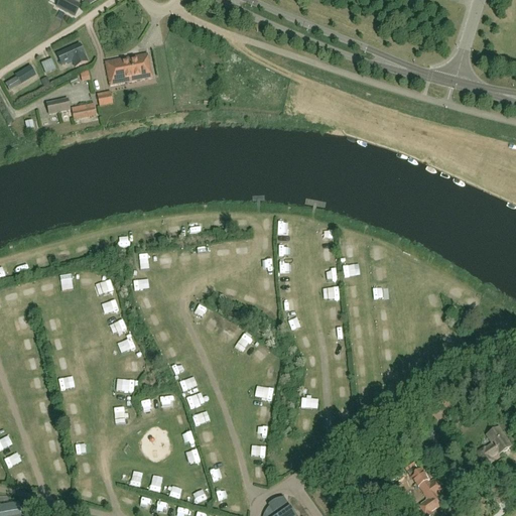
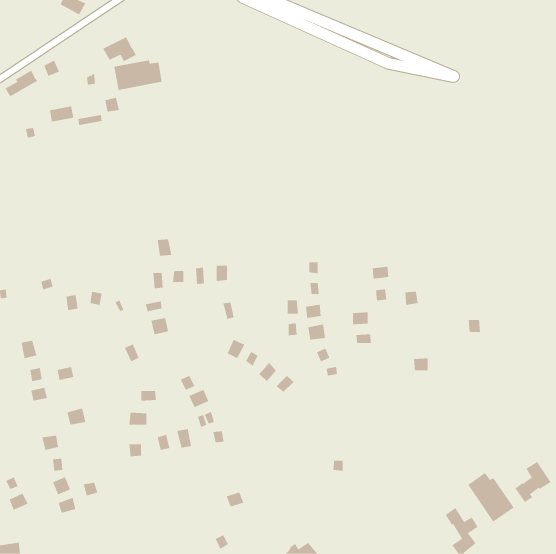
building: [55,42,87,66] -> [103,37,136,62]
building: none -> [467,472,514,523]

